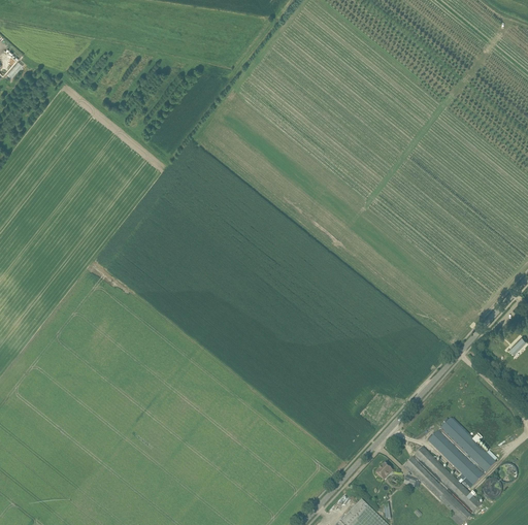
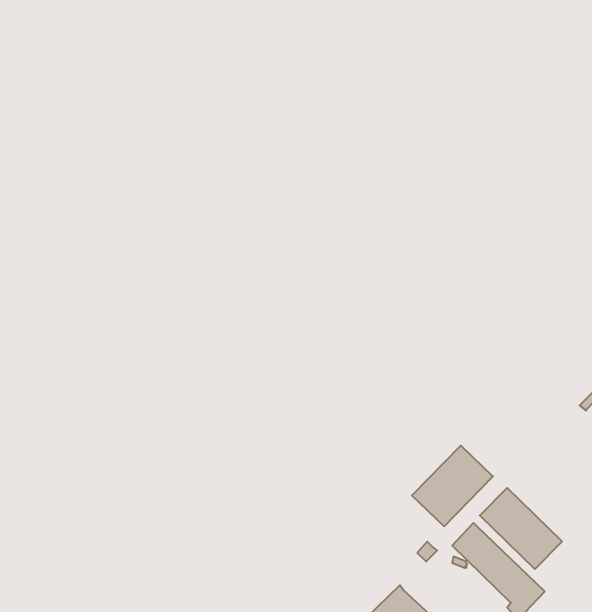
building: none -> [412,446,493,526]

